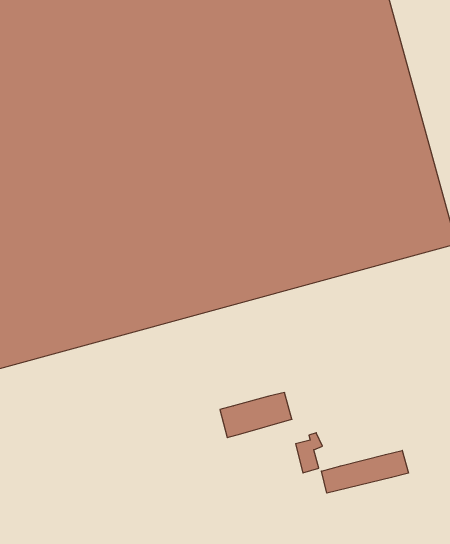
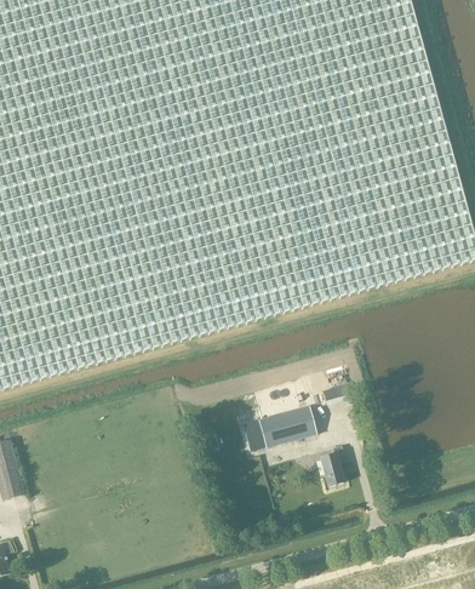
building: [321,450,408,493] -> none

